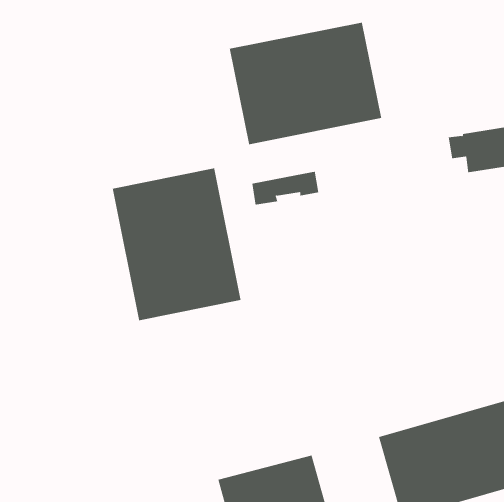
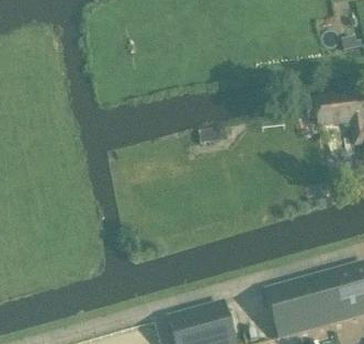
building: [229,22,382,145] -> none
building: [112,167,241,321] -> none

